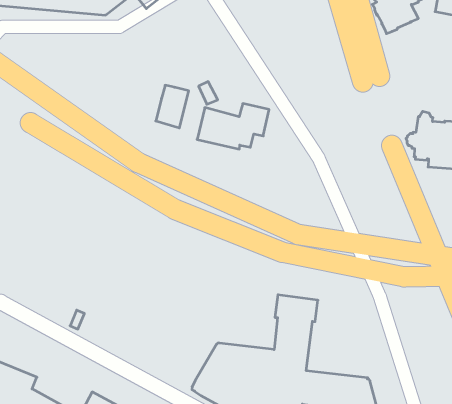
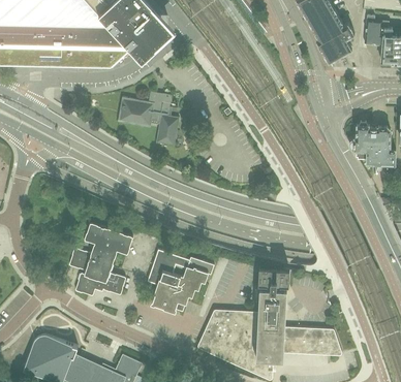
building: [197,104,269,149] -> [117,91,171,126]
building: none -> [68,221,132,294]
building: none -> [147,249,214,311]

